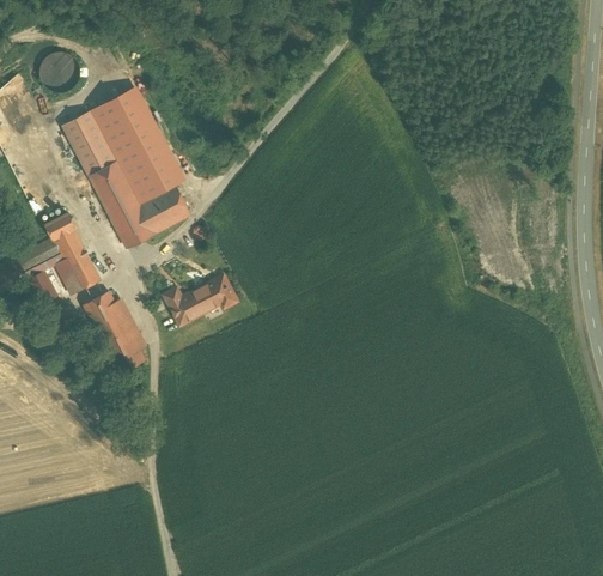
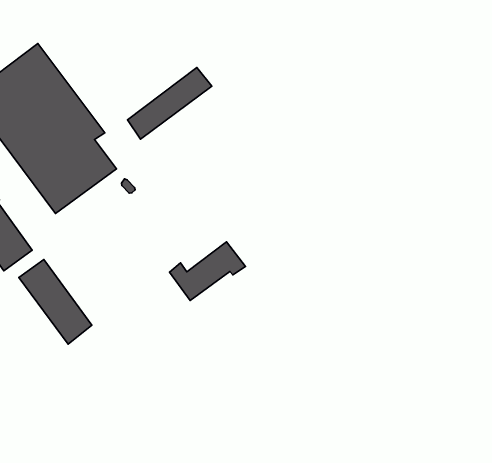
building: none -> [128,67,212,139]
building: [164,274,237,325] -> [169,242,245,301]

